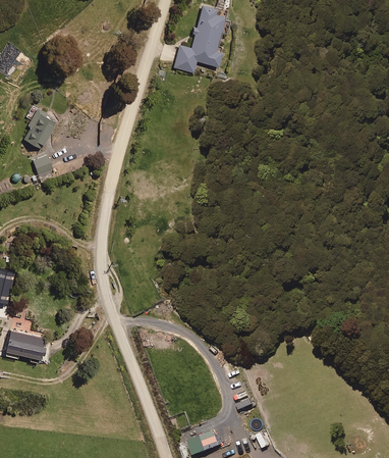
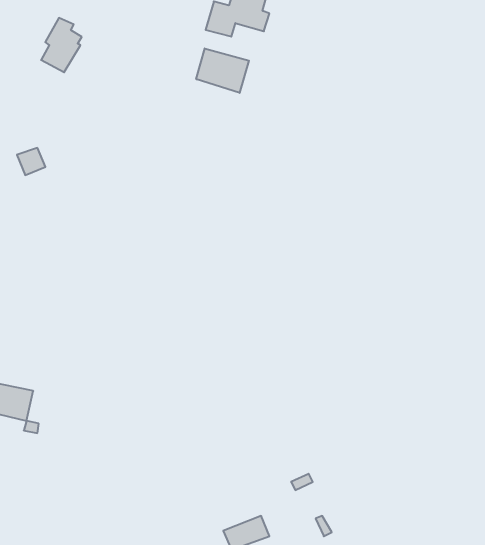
building: none -> [196,48,249,93]
building: [24,108,55,149] -> [41,18,82,72]

